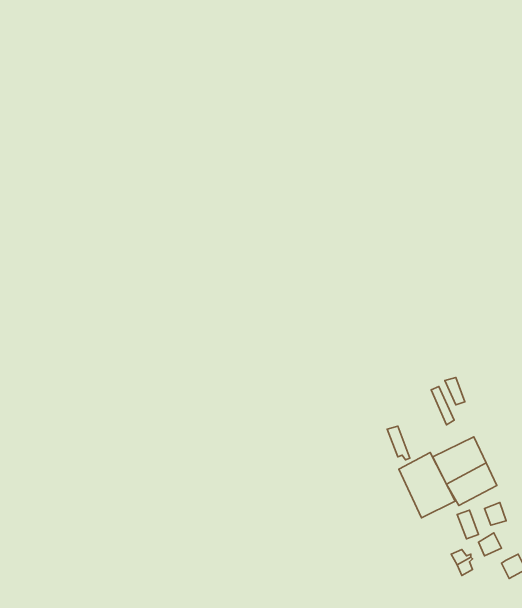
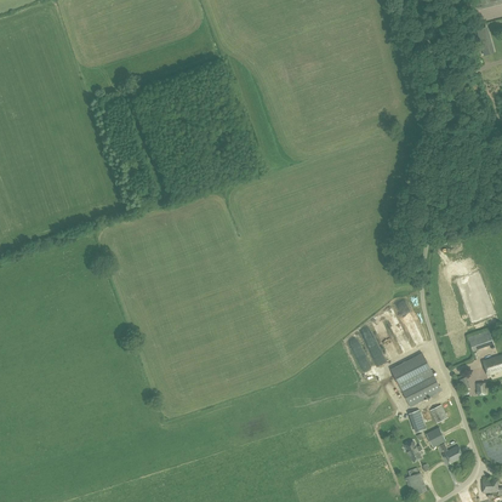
building: [399,453,455,518] -> none

